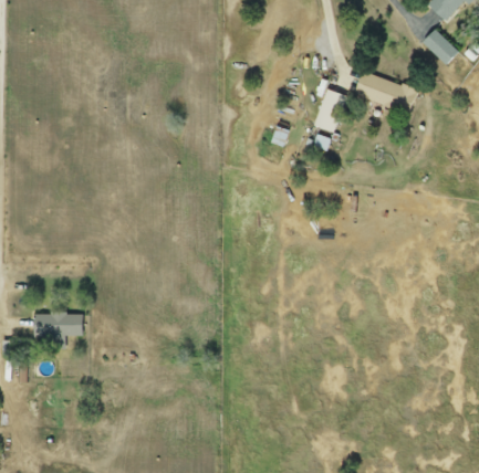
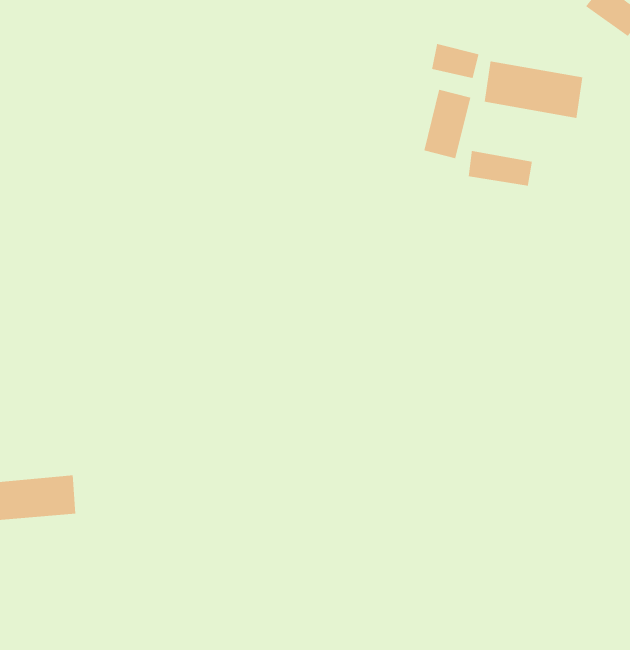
building: none -> [432,43,479,79]
building: none -> [468,150,533,187]

